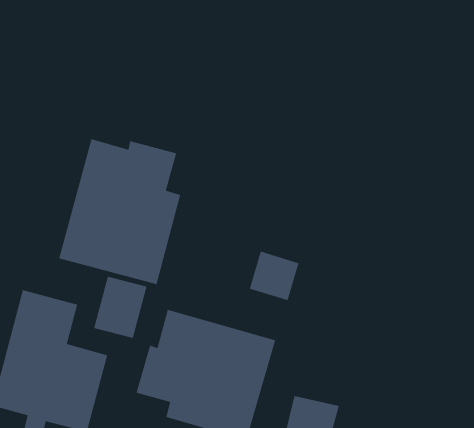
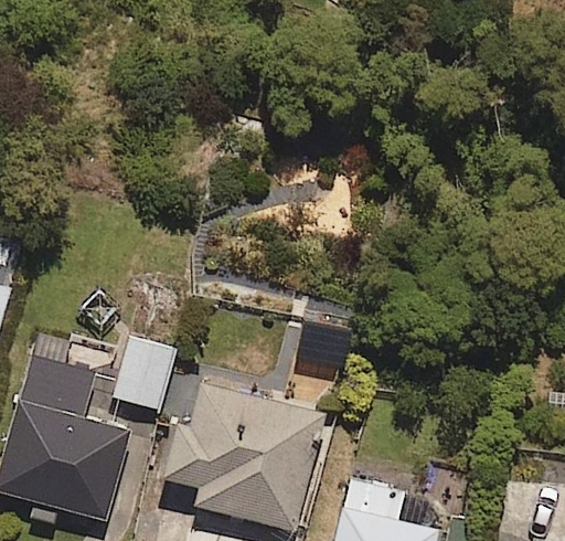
building: [58,138,181,285] -> none

